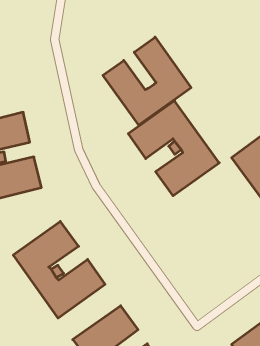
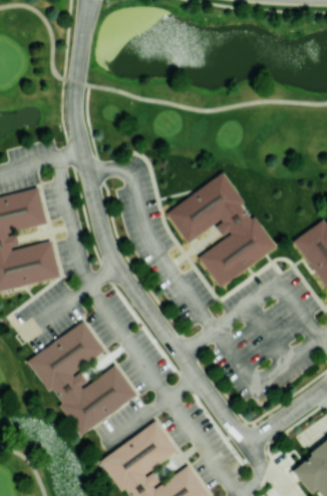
building: [103,37,191,125] -> none

